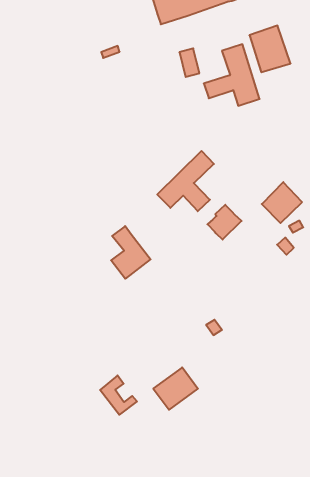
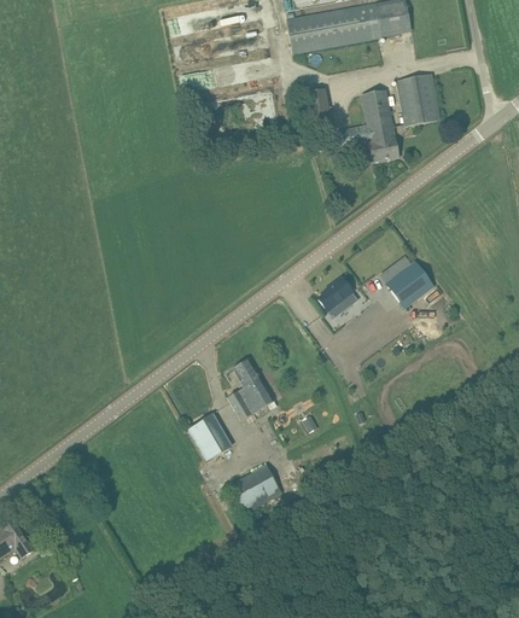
building: [157,151,214,211] -> none
building: [111,226,151,279] -> [227,357,274,420]
building: [100,375,137,415] -> [187,414,229,461]

